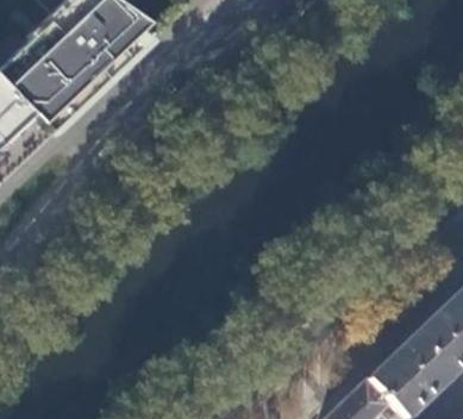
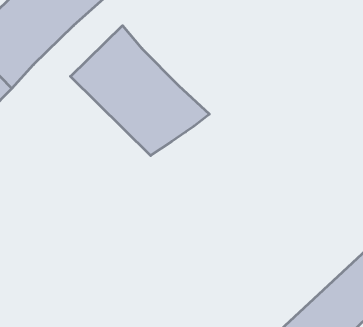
building: none -> [70,26,209,156]

